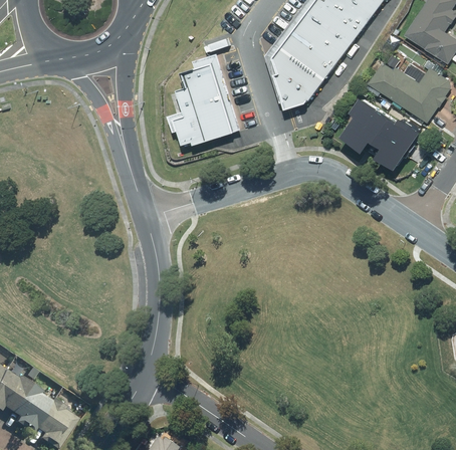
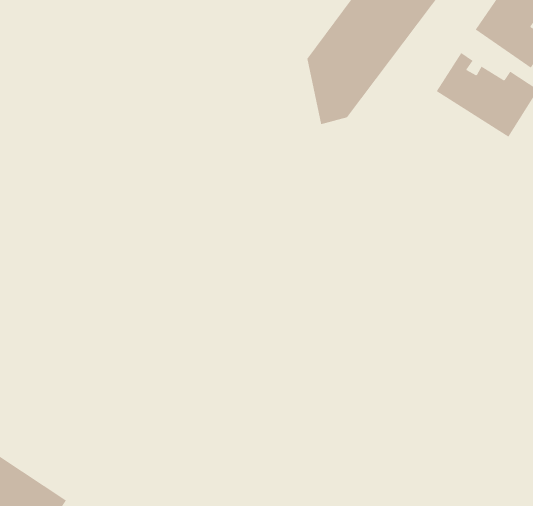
building: [164,54,238,147] -> none
building: [336,97,419,171] -> none

